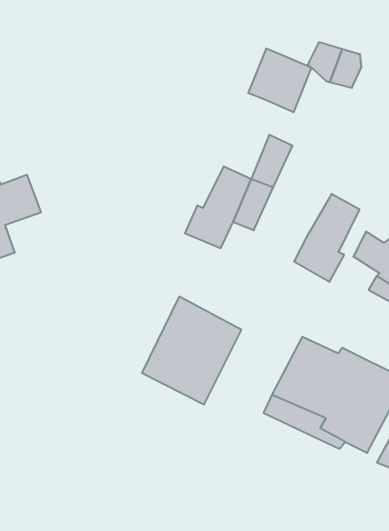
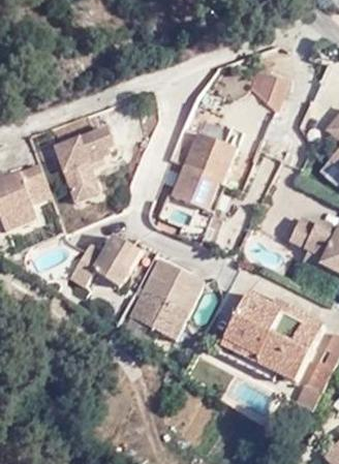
building: [248,49,312,112] -> [176,125,223,173]
building: none -> [56,133,118,204]
building: [294,194,359,282] -> none
building: none -> [65,239,137,290]

